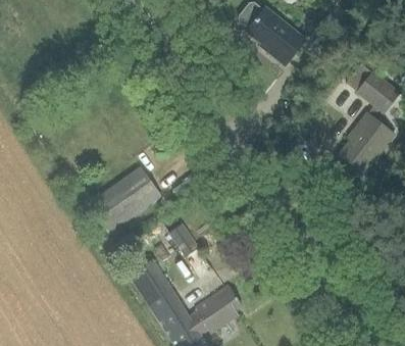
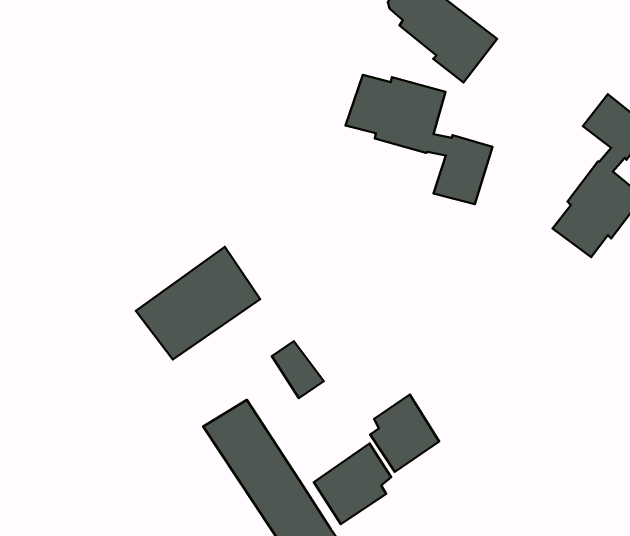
building: none -> [345,75,493,204]
building: none -> [370,394,439,472]

